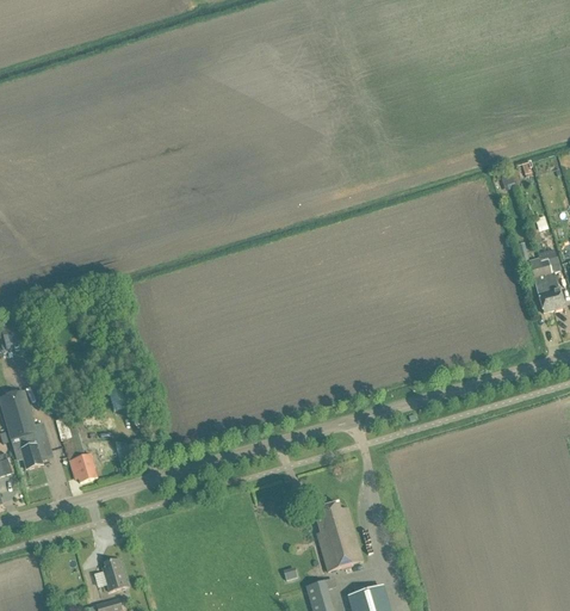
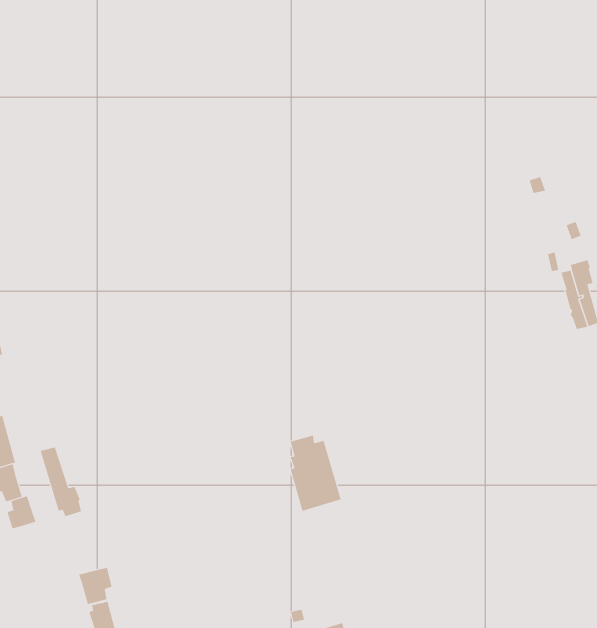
building: none -> [7,496,36,529]
building: [317,501,364,570] -> [290,435,341,511]
building: none -> [79,567,112,605]

